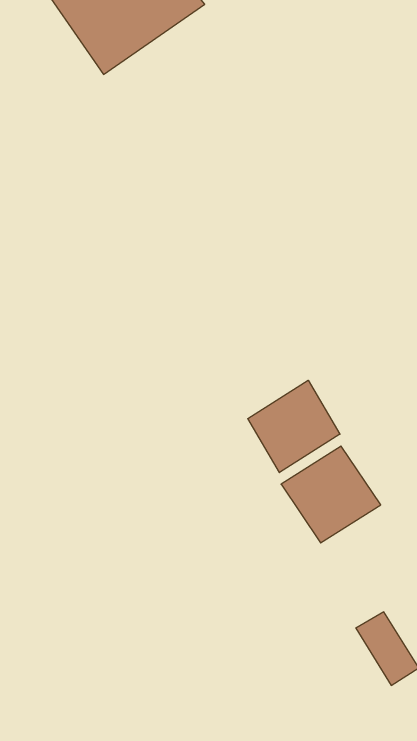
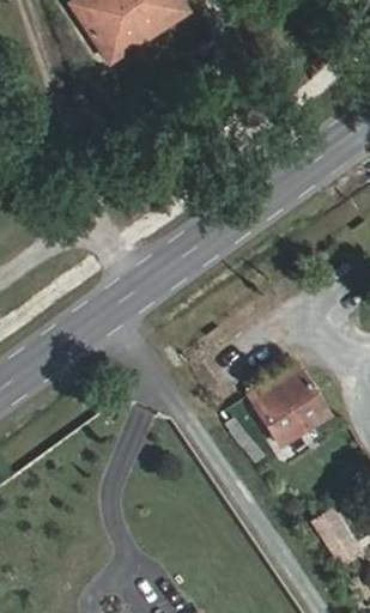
building: [248,380,340,473] -> none

